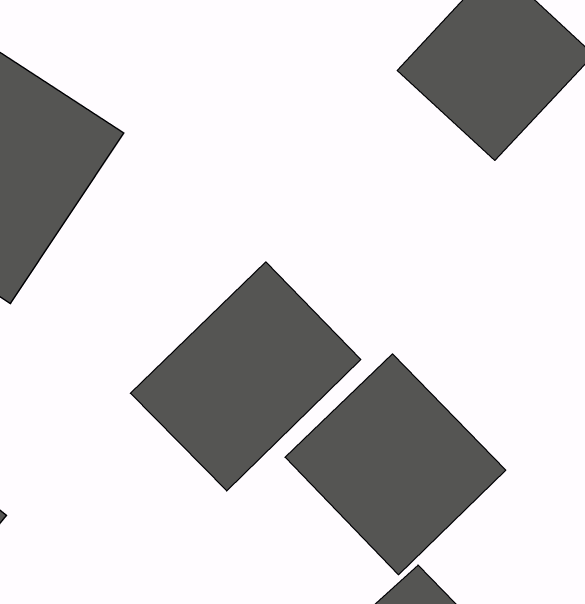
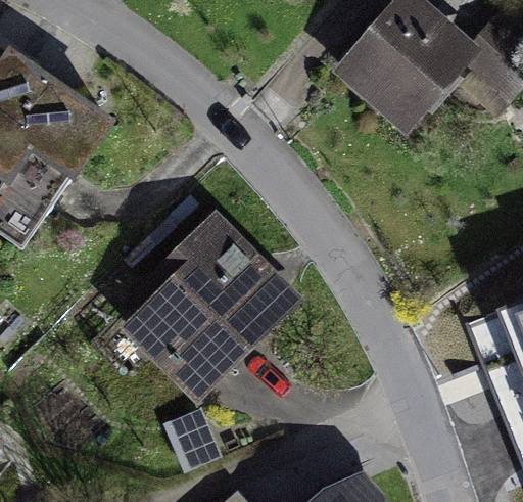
building: [285,354,506,575] -> none

